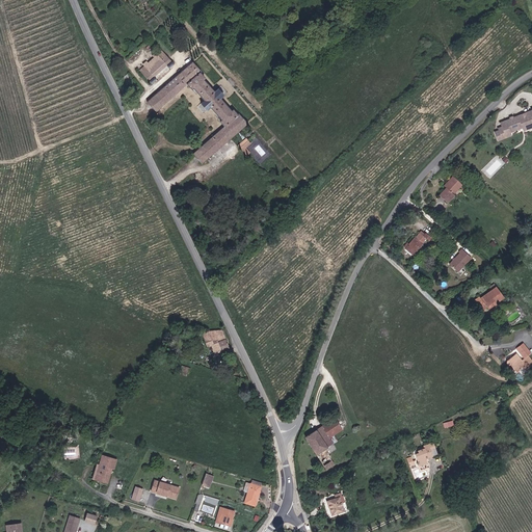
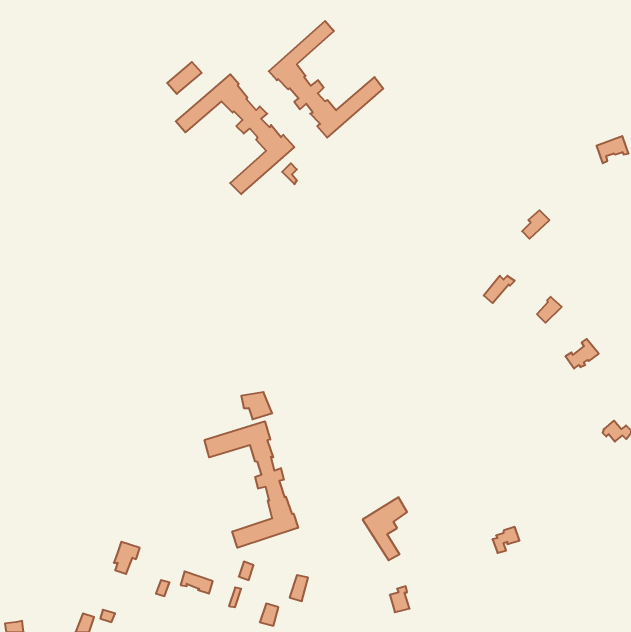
building: none -> [269,21,383,138]
building: none -> [205,421,298,548]

